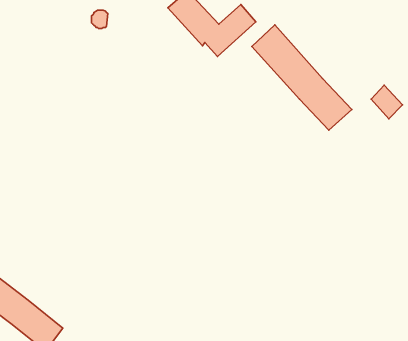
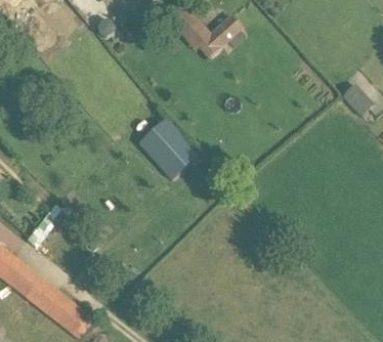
building: [252,25,352,130] -> none
building: none -> [138,116,199,177]

